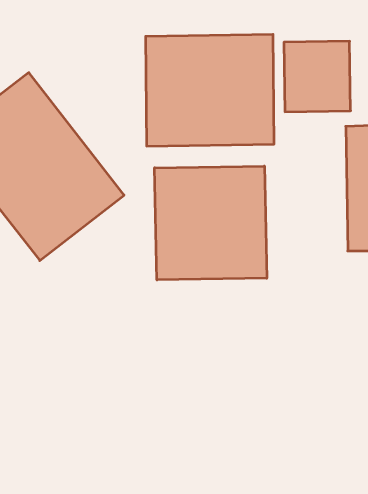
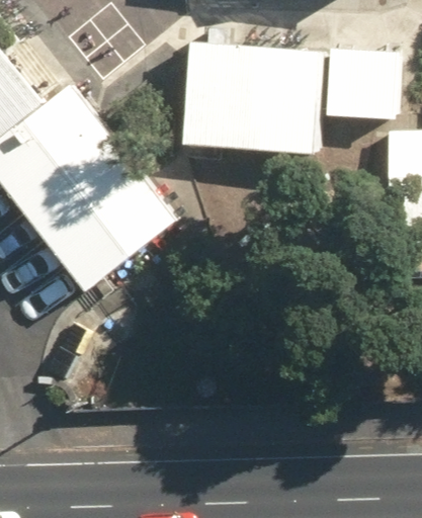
building: [155,166,267,280] -> none

